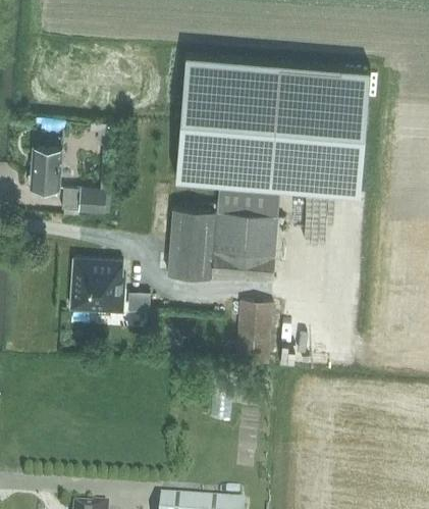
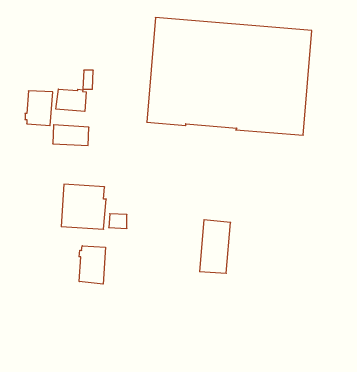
building: none -> [56,89,86,111]
building: [169,187,279,283] -> none
building: none -> [79,246,105,284]

